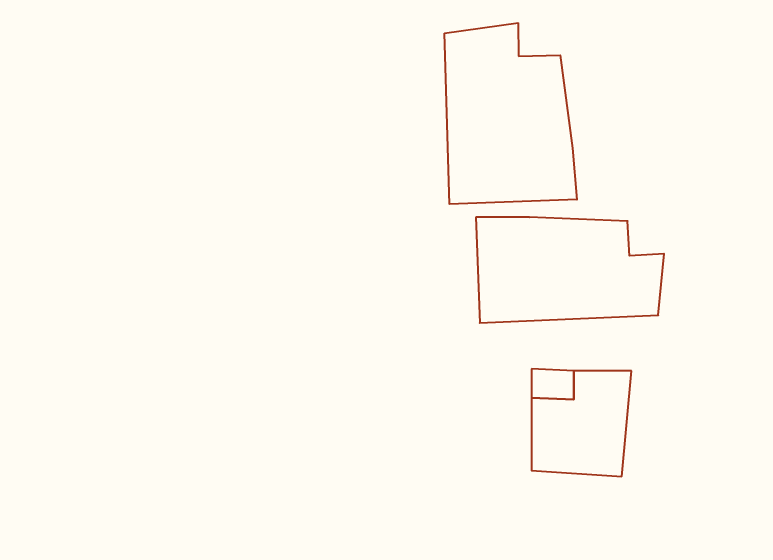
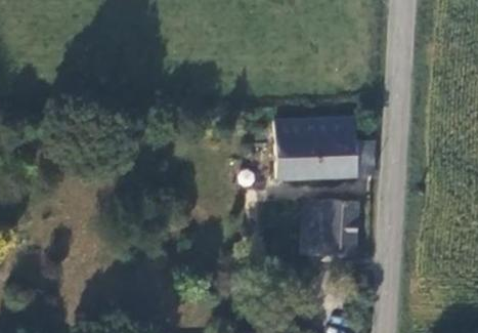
building: [445,23,577,204] -> none

